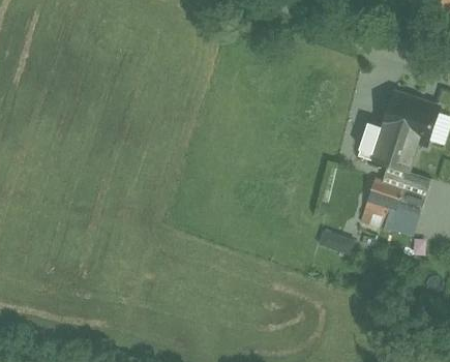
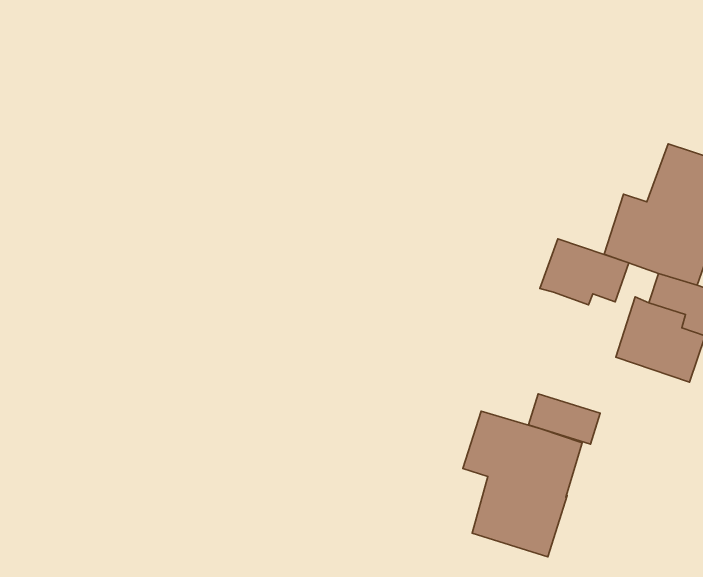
building: none -> [540,239,629,305]
building: none -> [463,411,582,557]

